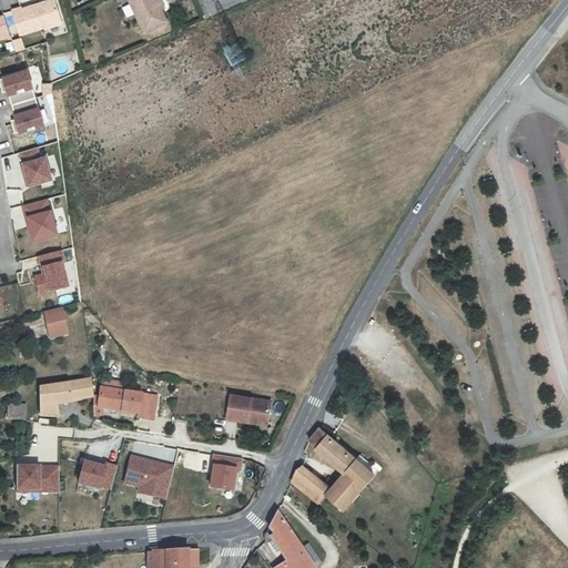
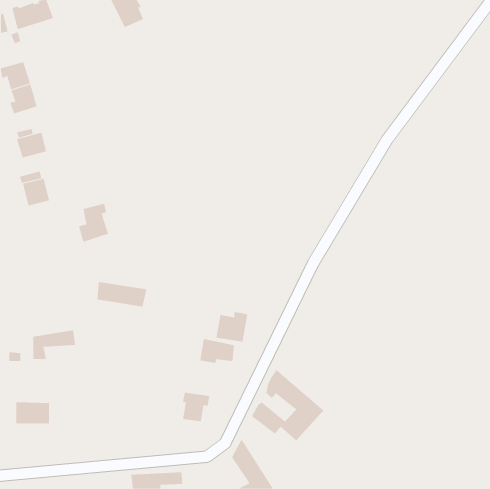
building: [31,248,67,294] -> [78,203,109,242]
building: [44,308,67,337] -> none
building: none -> [216,311,248,342]
building: [95,388,154,418] -> [96,281,147,307]
building: [124,455,173,497] -> none
building: [79,458,116,488] -> none

